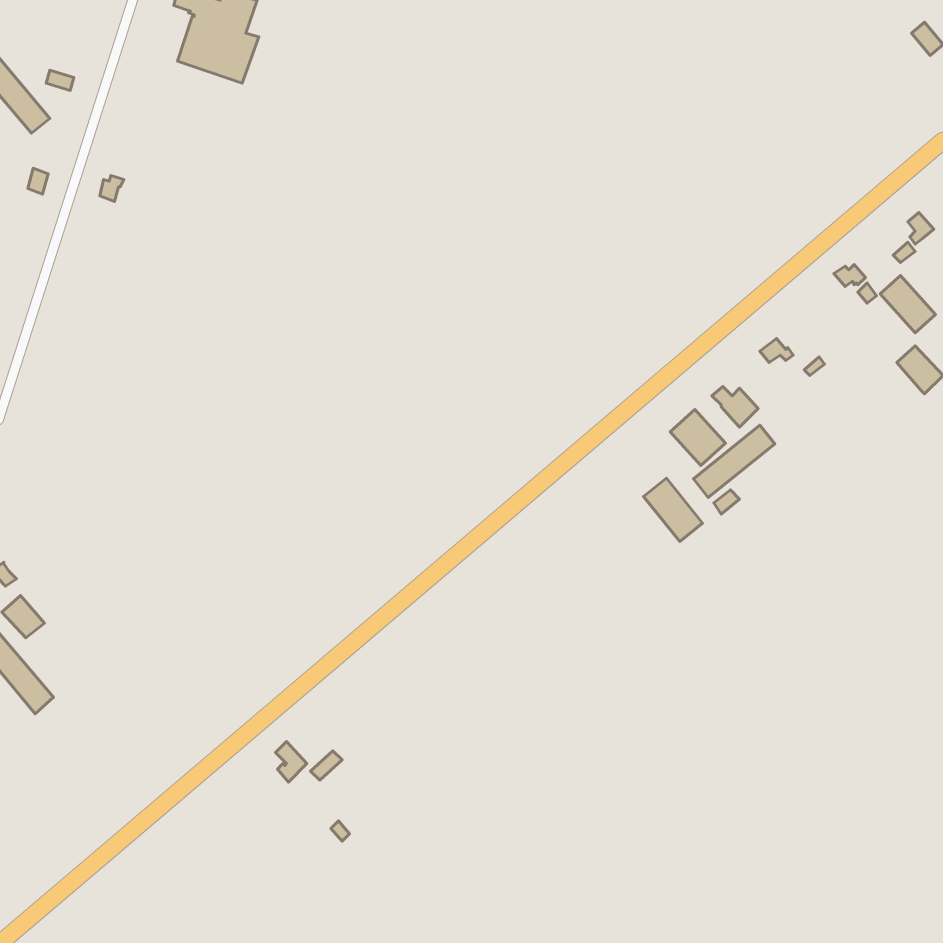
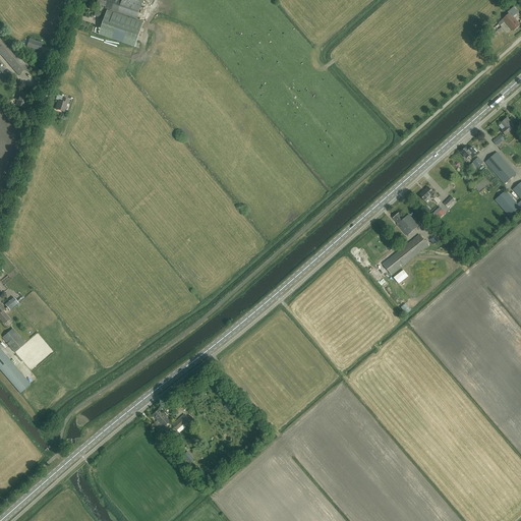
building: [670,409,726,465] -> none
building: [644,478,703,541] -> none

